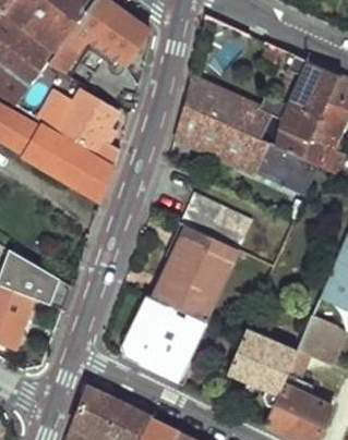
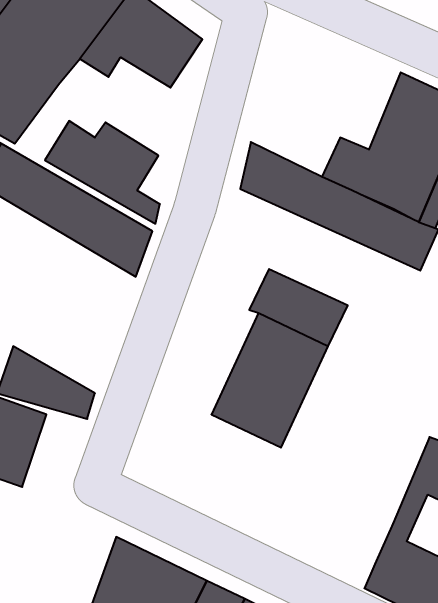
building: [183,74,248,129] -> none
building: [119,295,205,383] -> none
building: [227,329,290,407] -> none

